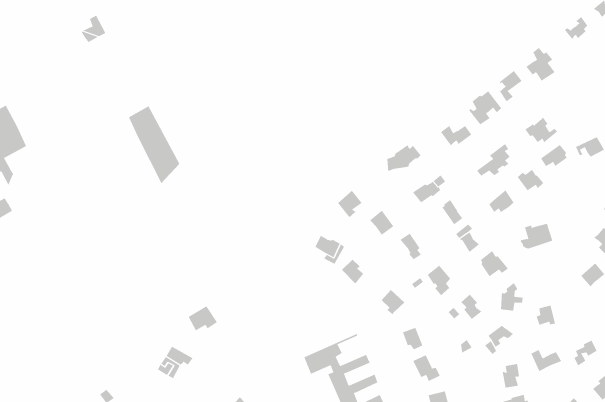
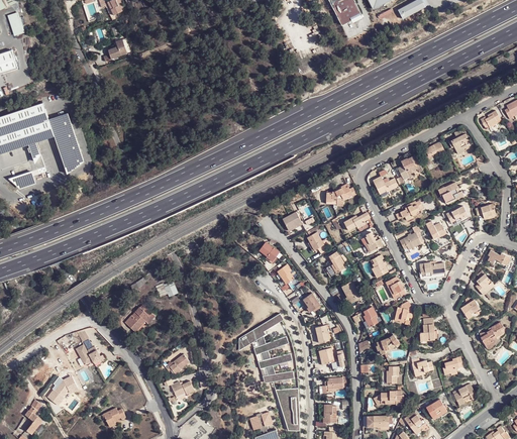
building: [128,106,180,184] -> [50,112,84,174]

